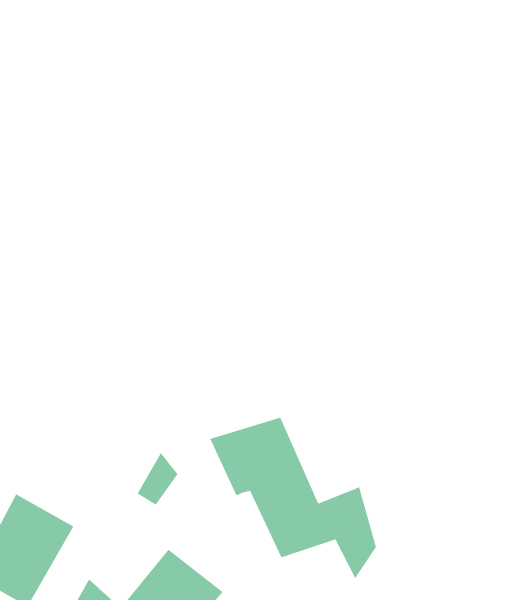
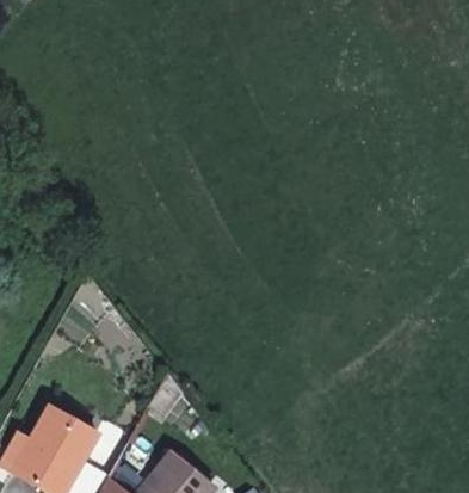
building: [210,417,377,579] -> none

